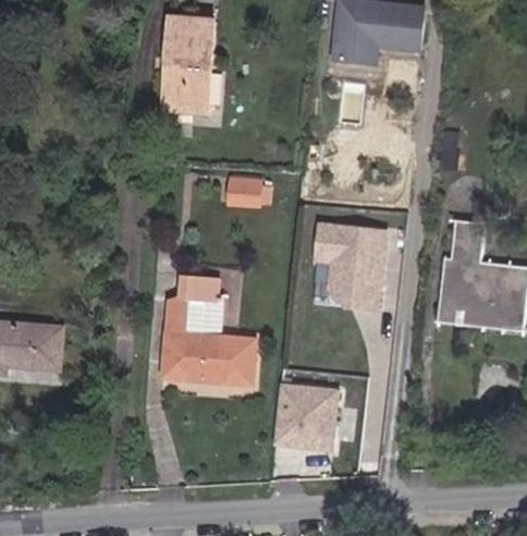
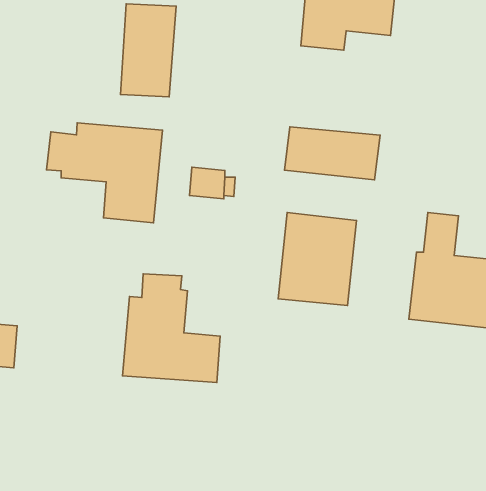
building: none -> [47,123,163,223]
building: none -> [284,127,380,180]
building: [272,381,339,449] -> none

